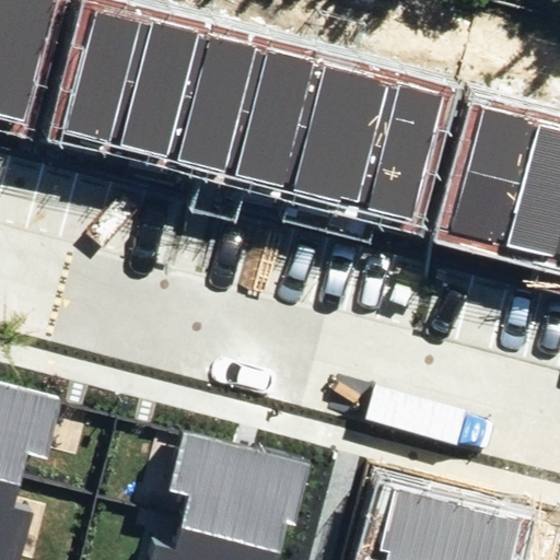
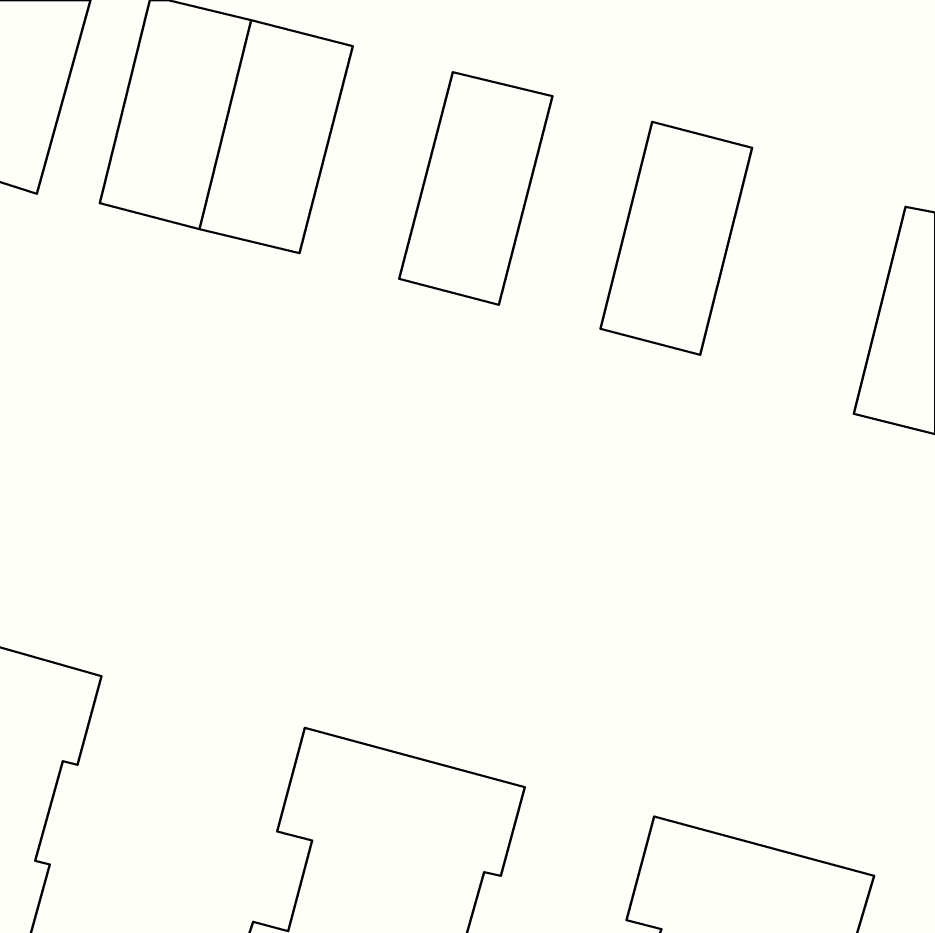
building: [177,34,268,172] -> none
building: [295,63,386,201] -> none
building: [446,114,536,252] -> none

